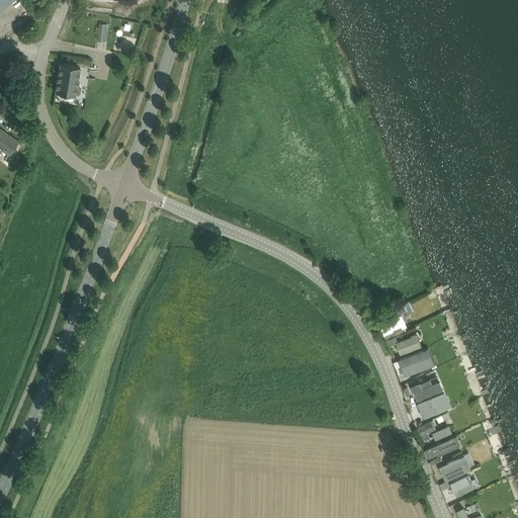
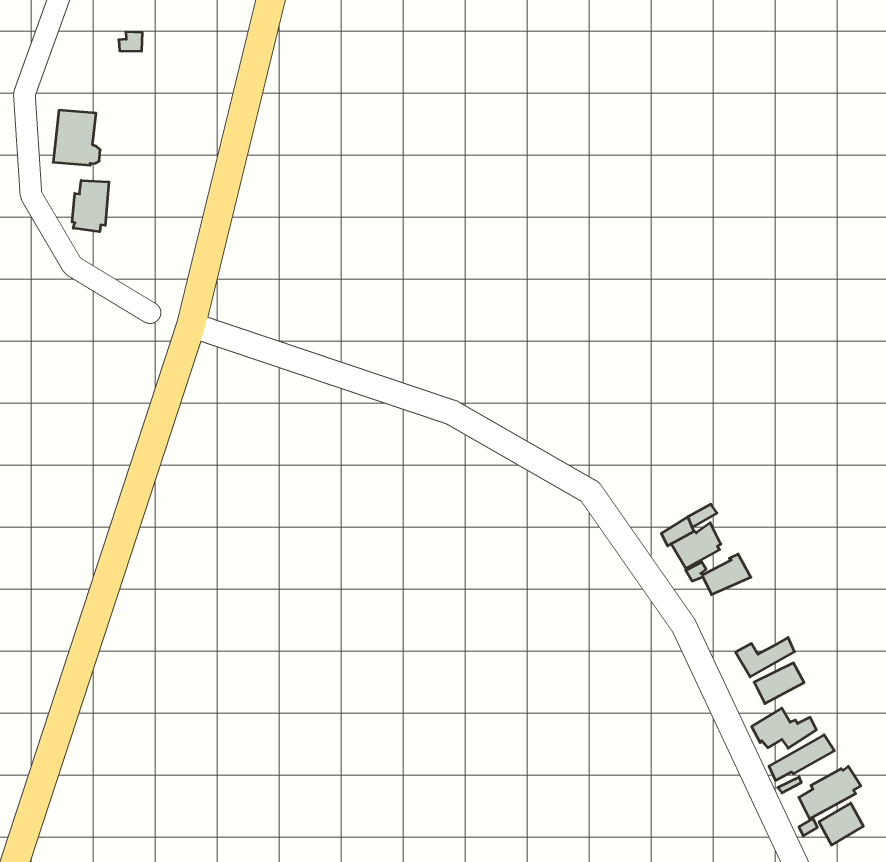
building: none -> [72,180,109,232]
building: [399,349,435,377] -> none

